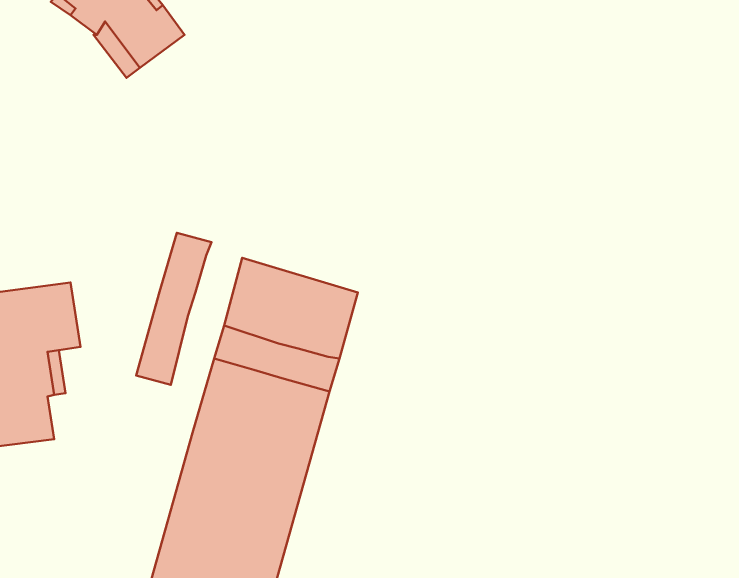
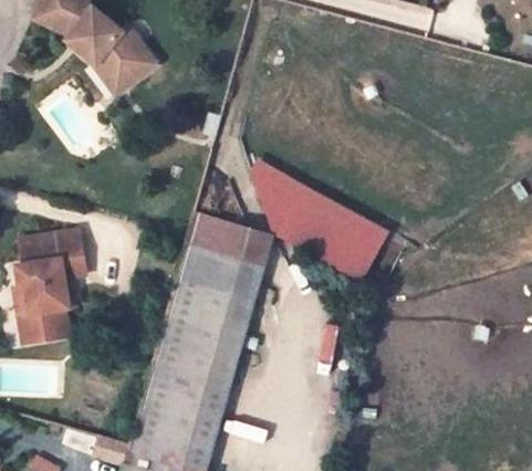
building: none -> [252,170,384,282]
building: [136,233,212,385] -> none

